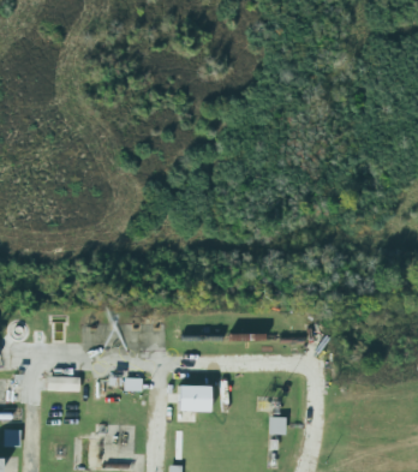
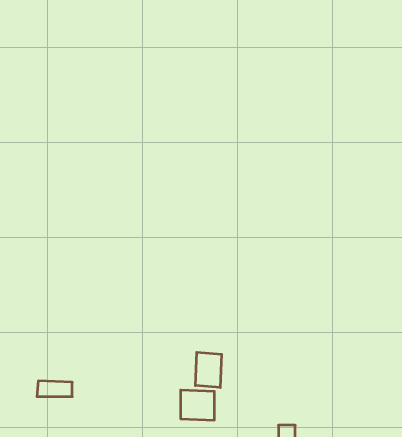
building: none -> [195,352,222,388]

